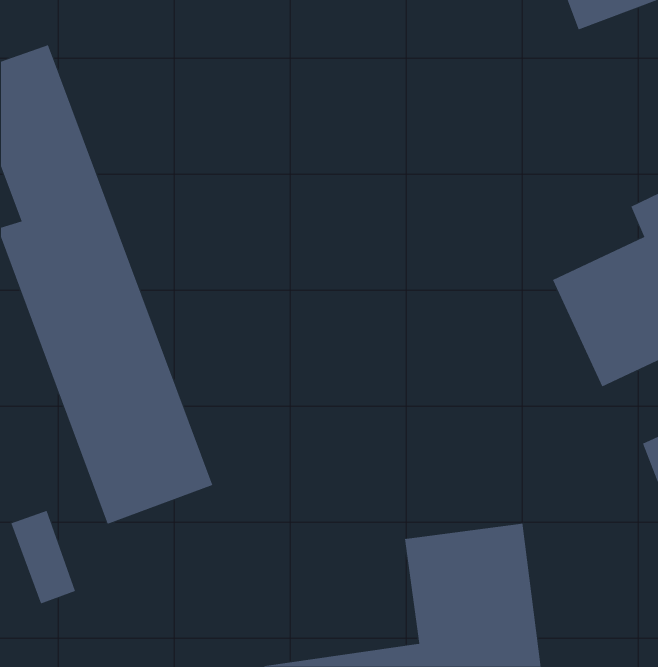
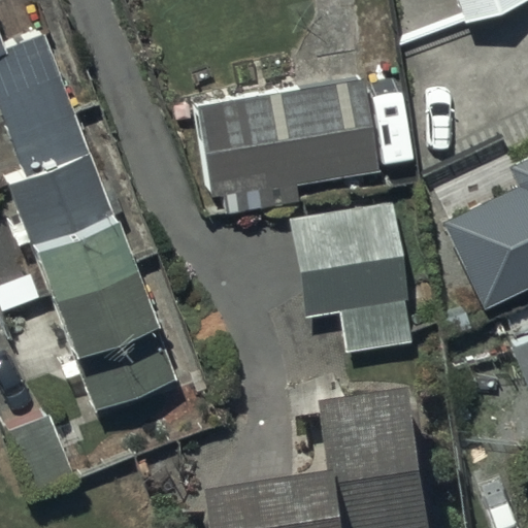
building: none -> [197,78,380,218]
building: none -> [290,203,412,352]

